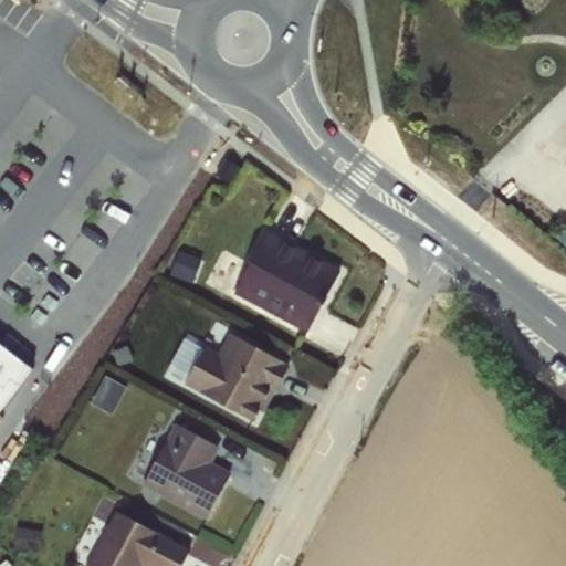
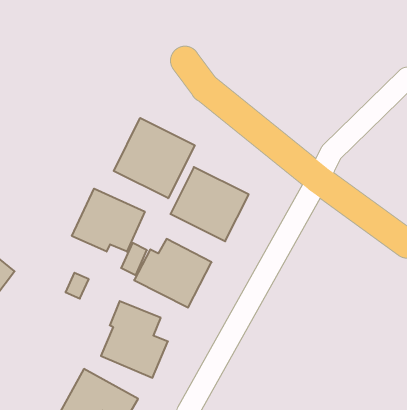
building: none -> [114,118,195,198]
building: none -> [72,189,145,252]

